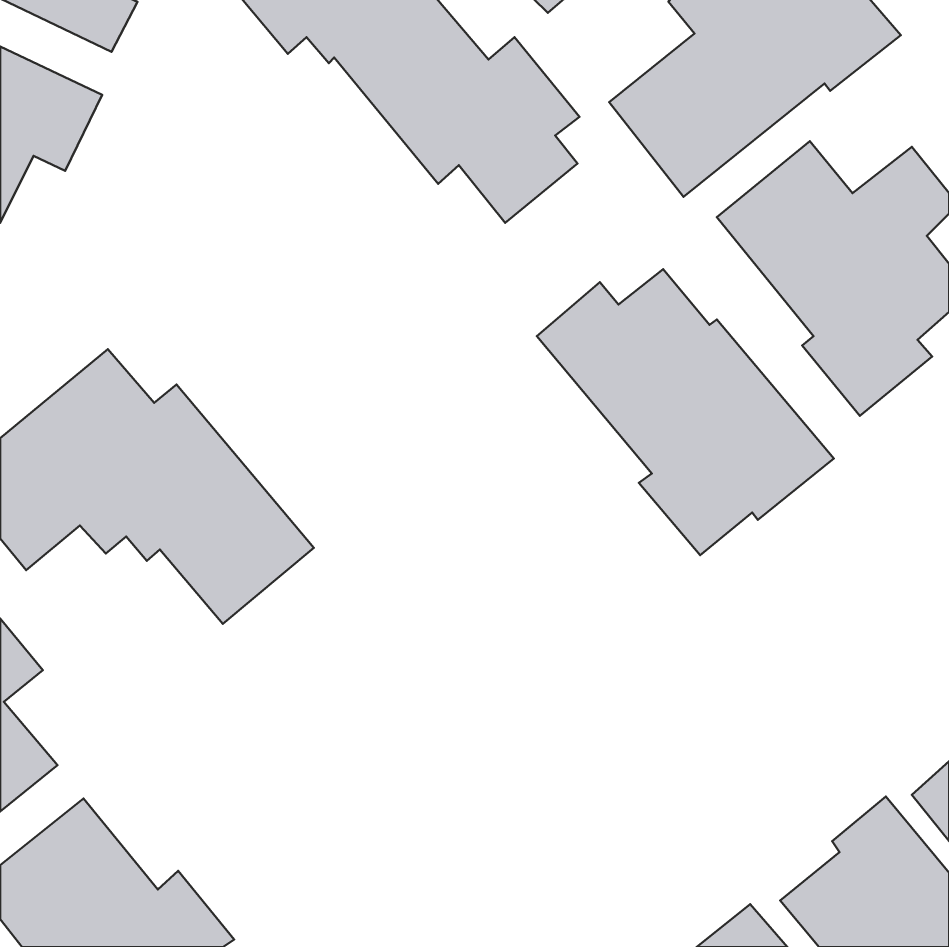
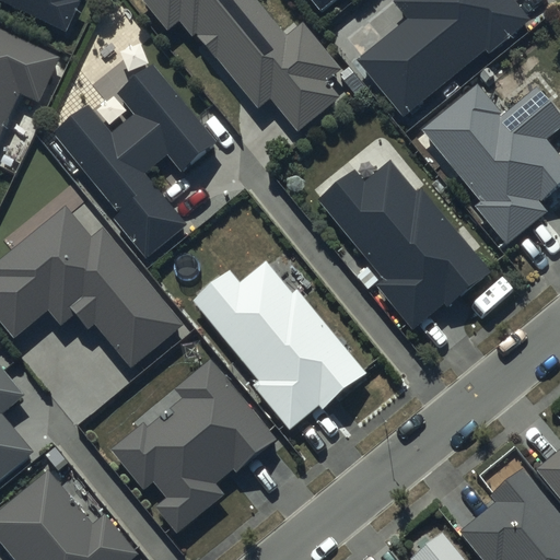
building: none -> [51,65,217,258]
building: none -> [192,261,366,430]
building: none -> [112,359,276,532]

